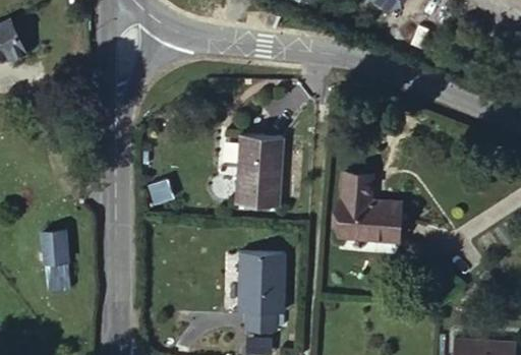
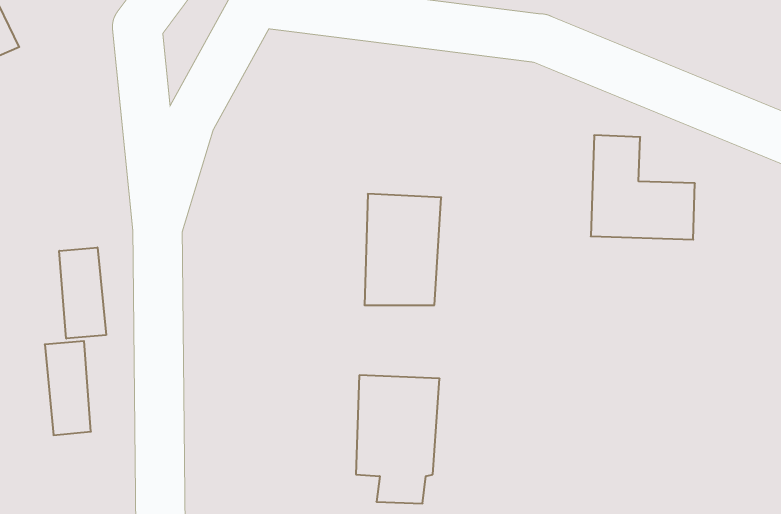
building: none -> [59,247,106,339]
building: [339,184,401,246] -> [591,135,695,240]

